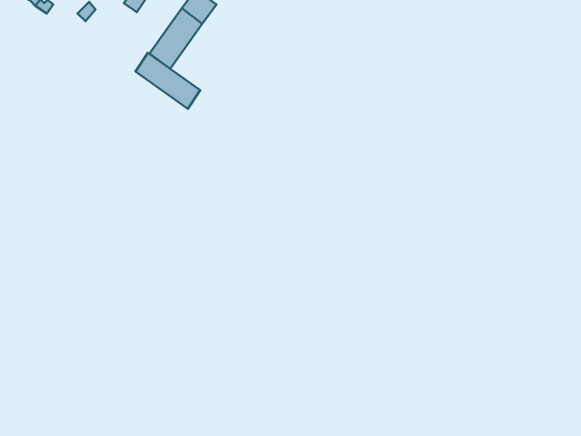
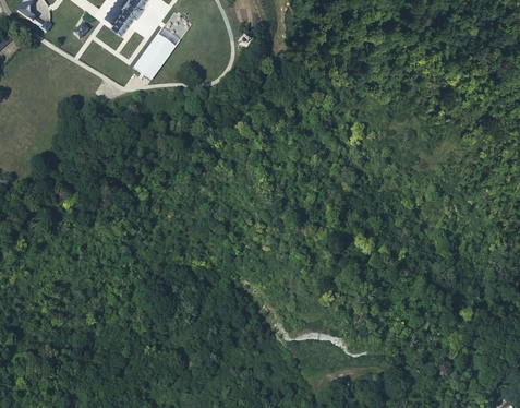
building: [135,53,200,109] -> none

